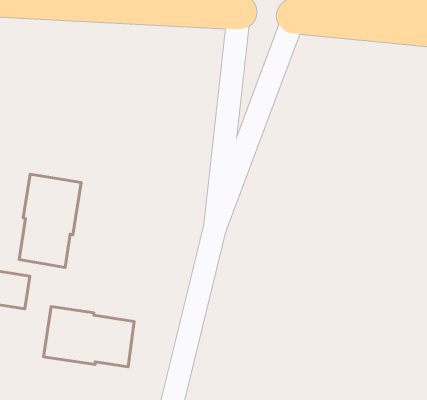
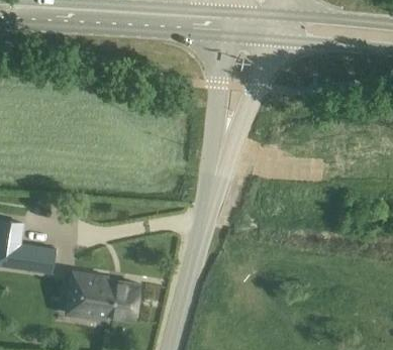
building: [19,174,81,267] -> none

